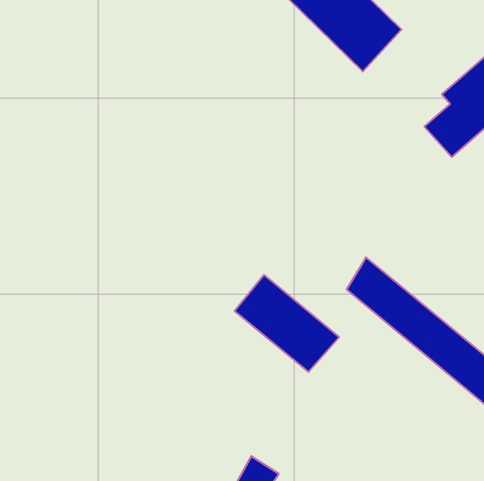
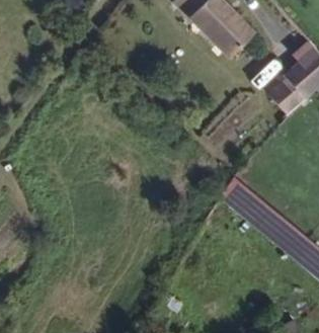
building: [235,275,339,372] -> none

